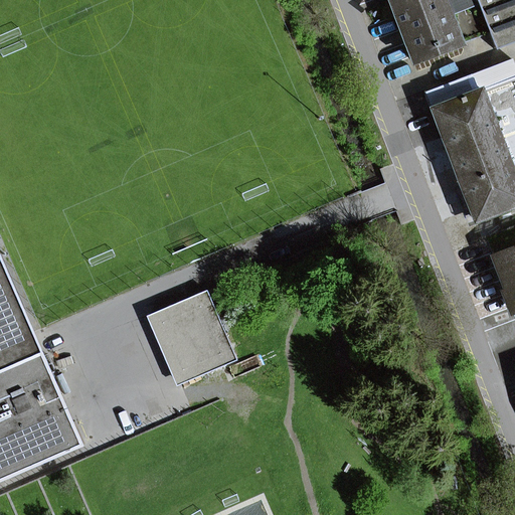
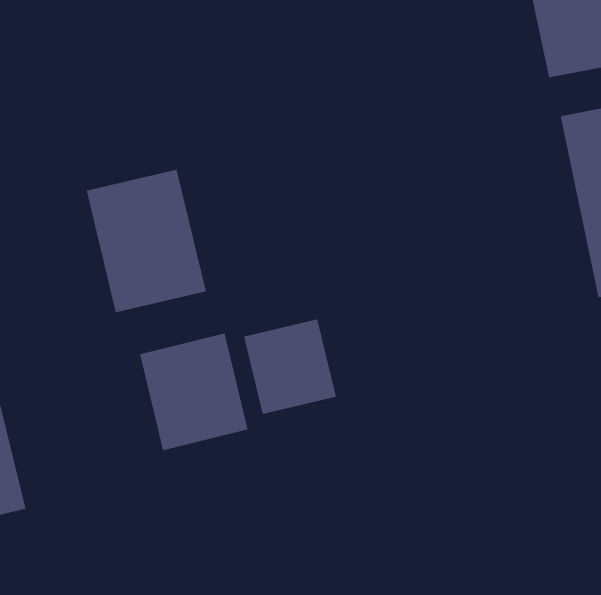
building: none -> [86,169,207,313]
building: none -> [243,319,337,415]

